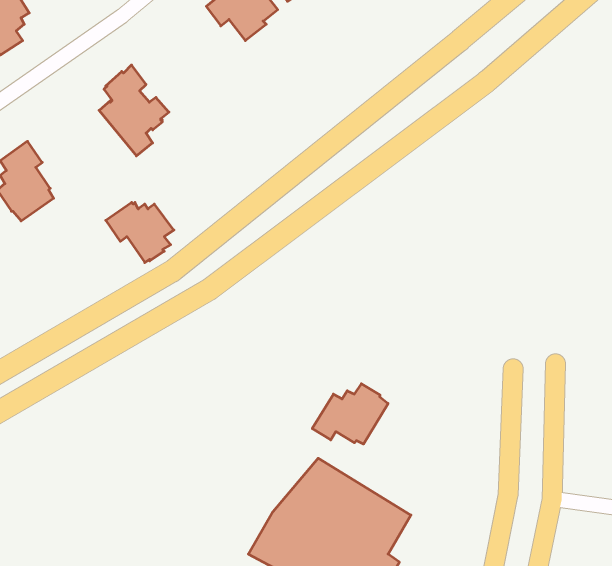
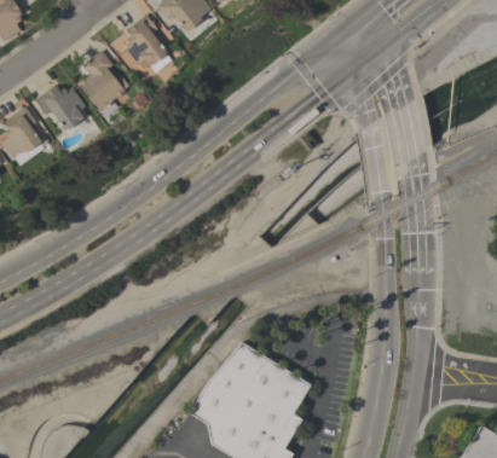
building: none -> [125,15,172,73]
building: [106,202,174,263] -> [35,86,86,131]
building: [312,384,388,444] -> none

